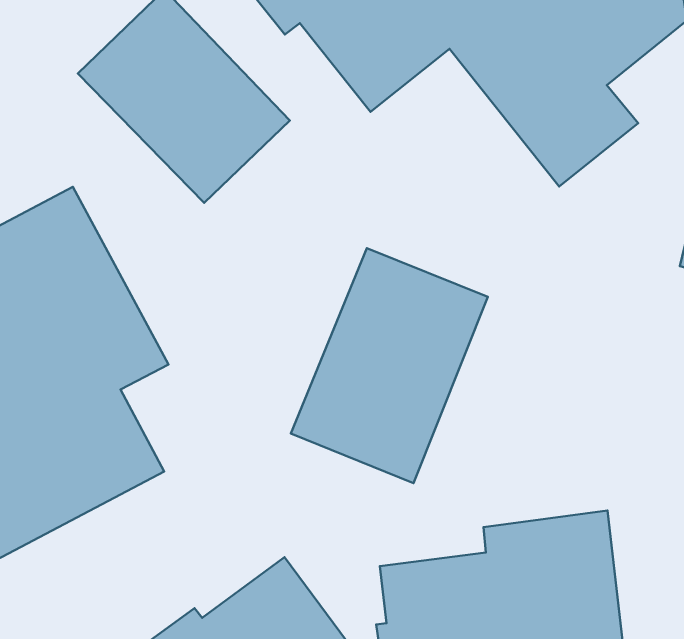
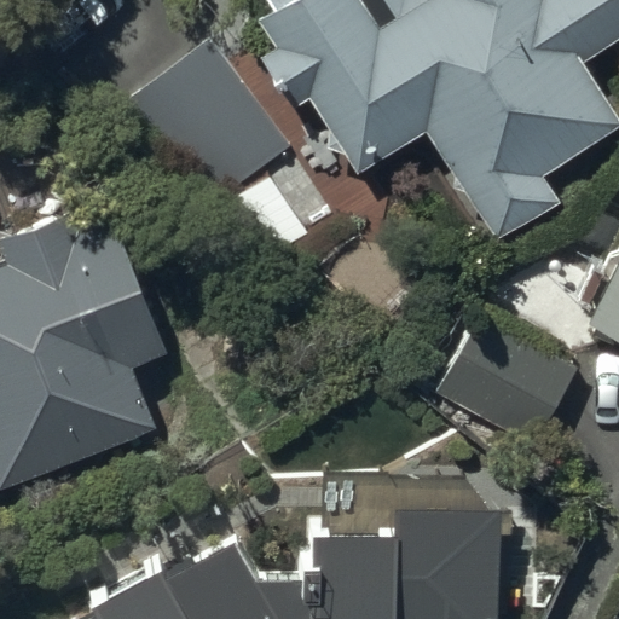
building: [291,248,488,483] -> none
building: none -> [434,310,575,447]

